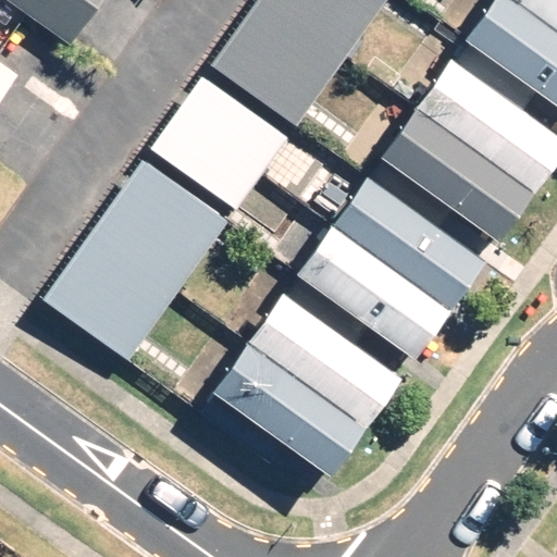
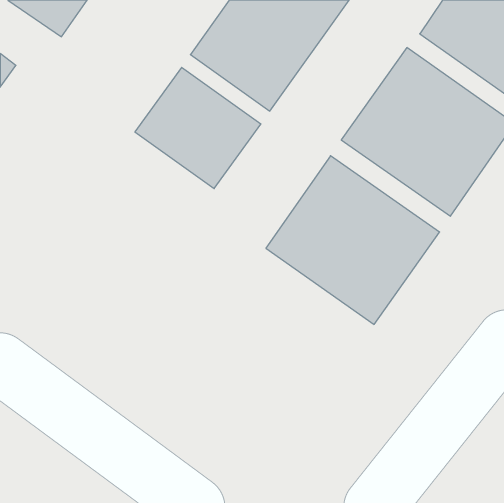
building: [45,162,228,360] -> none
building: [211,292,400,475] -> none

